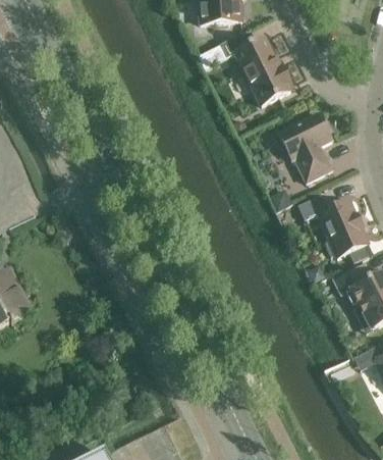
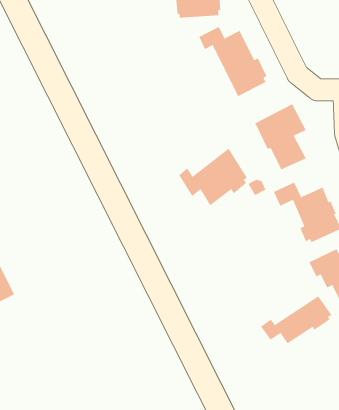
building: none -> [179,148,248,206]
building: none -> [260,296,332,344]

